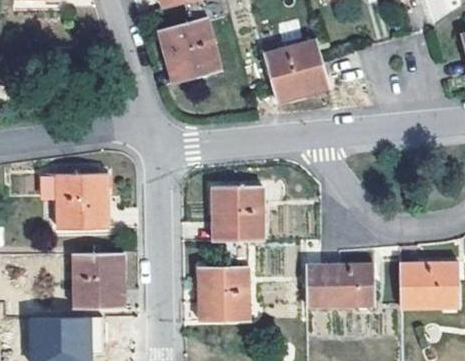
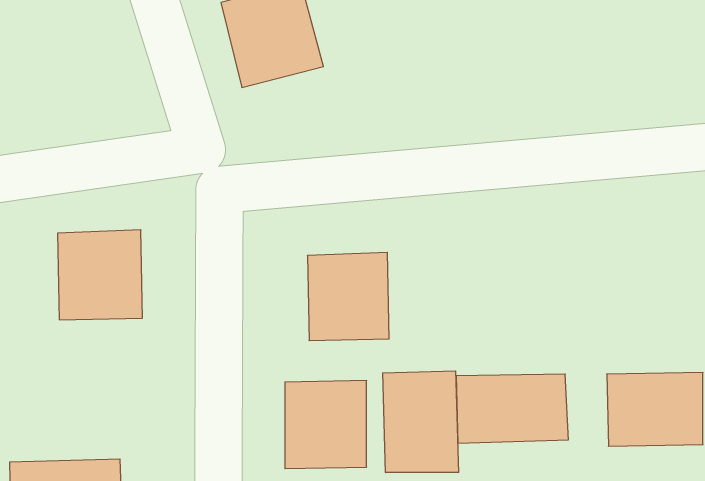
building: [263,38,330,102] -> none
building: [74,253,125,309] -> none
building: none -> [383,371,459,473]

